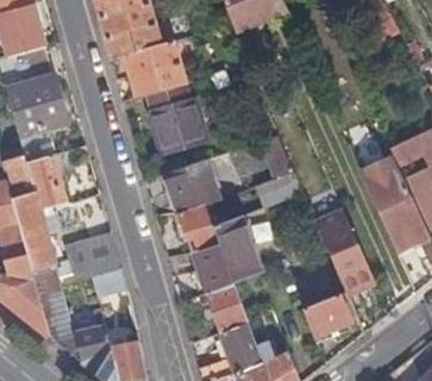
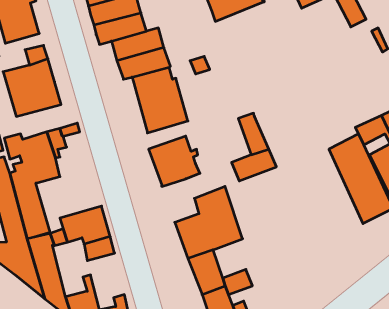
building: [177,205,218,252] -> none
building: [314,208,374,291] -> none
building: [301,294,350,337] -> none

